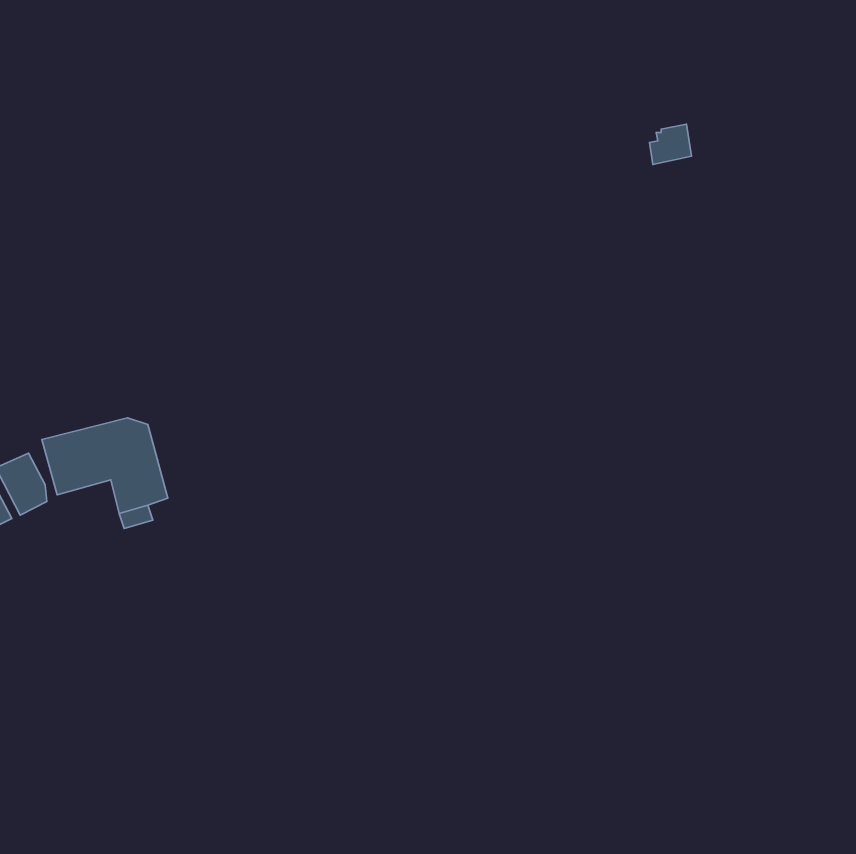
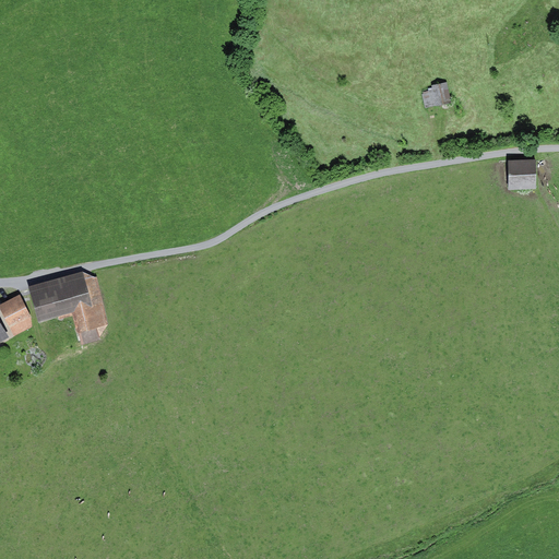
building: none -> [508,159,535,188]

